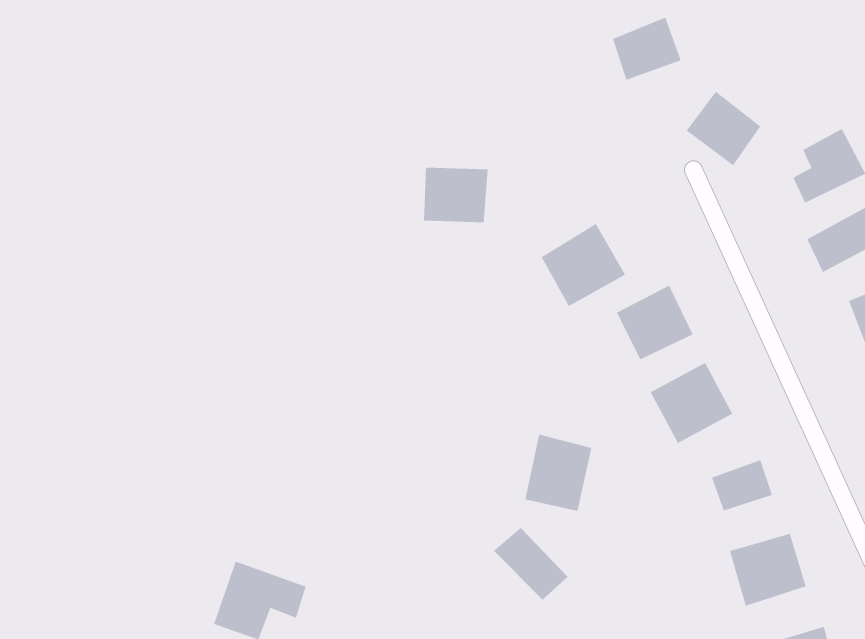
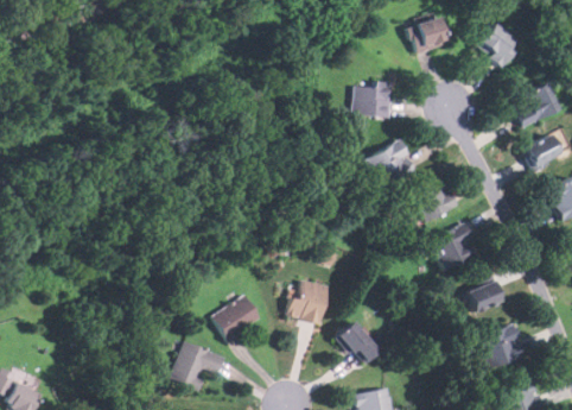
building: [686,91,761,166] -> [475,21,520,67]
building: [423,167,489,223] -> [352,83,392,116]
building: [525,434,592,511] -> [290,278,330,324]
building: none -> [212,294,261,341]

